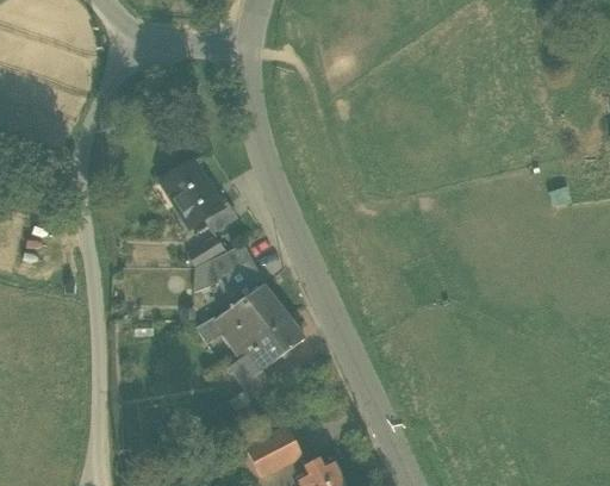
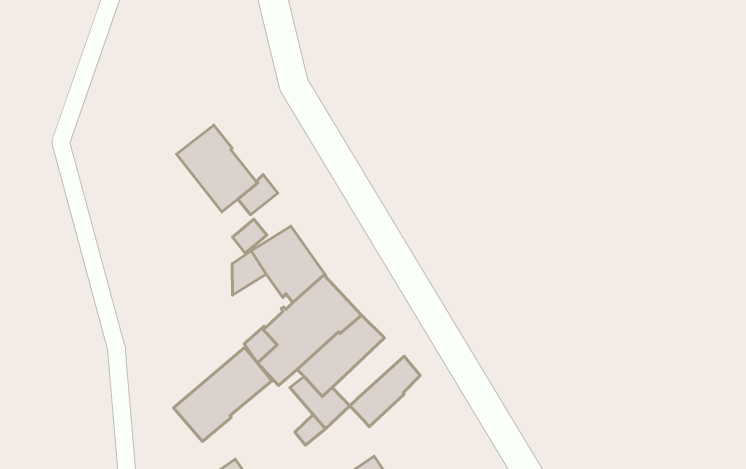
building: none -> [173,347,272,442]
building: none -> [350,356,420,427]

